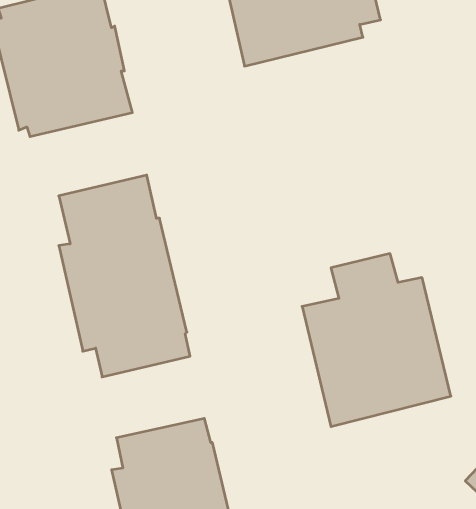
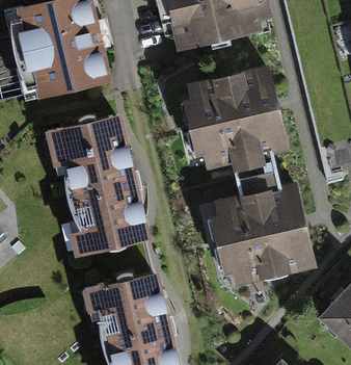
building: none -> [187,70,285,180]

